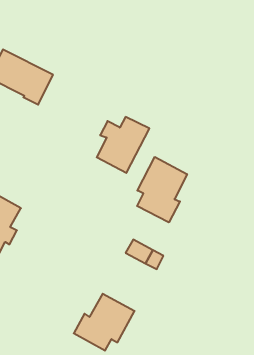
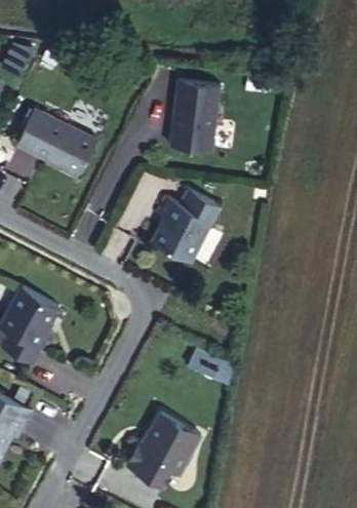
building: none -> [169,81,220,152]
building: [137,157,187,222] -> none

